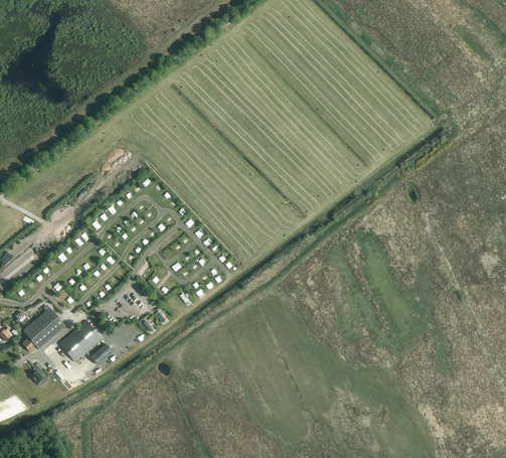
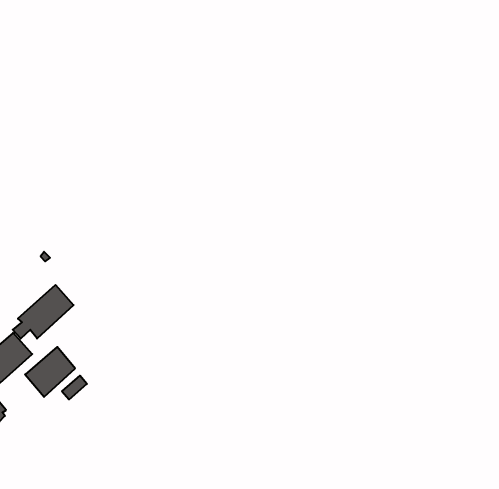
building: none -> [13,285,74,339]

